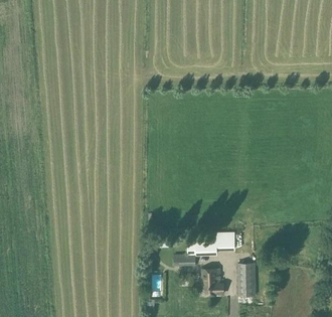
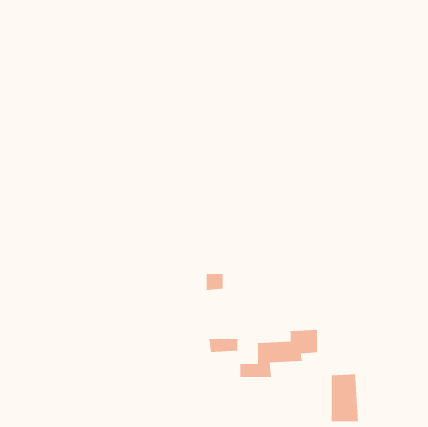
building: [201,270,223,295] -> none

